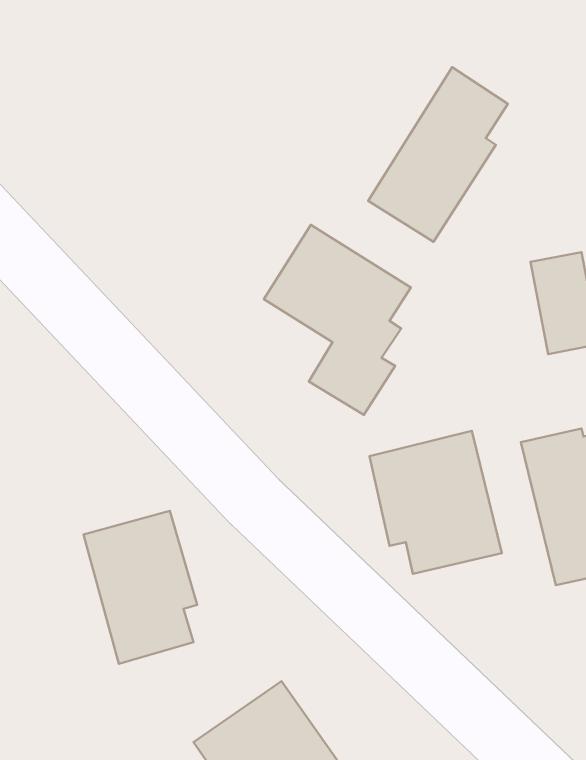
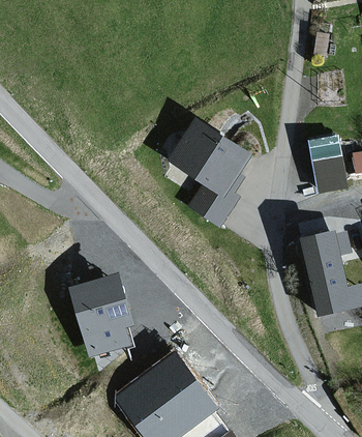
building: [368,67,508,242] -> none
building: [369,431,502,574] -> none

